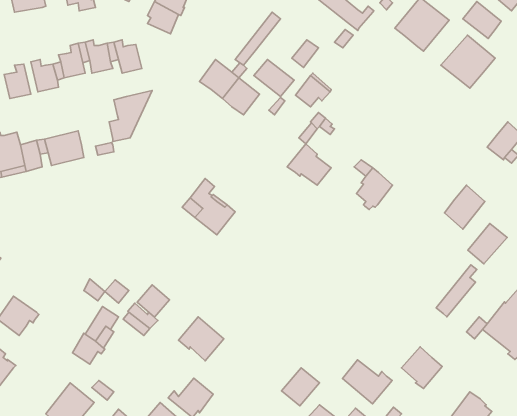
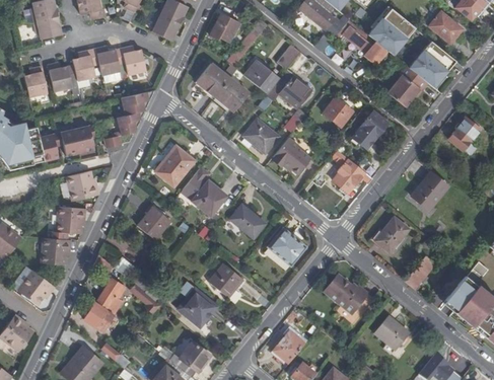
building: none -> [213,14,238,43]
building: none -> [33,16,63,40]
building: none -> [336,20,387,66]
building: none -> [386,65,427,106]
building: none -> [325,97,351,125]
building: none -> [352,110,387,147]
building: none -> [240,119,278,155]
building: none -> [159,143,196,184]
building: none -> [67,170,99,201]
building: none -> [229,202,266,237]
building: none -> [54,205,84,232]
building: [468,224,507,264] -> [373,217,408,252]
building: none -> [267,225,306,263]
building: none -> [38,236,66,264]
building: [137,285,169,317] -> [141,209,169,237]
building: none -> [208,260,243,295]
building: [343,360,392,404] -> [324,277,367,315]

